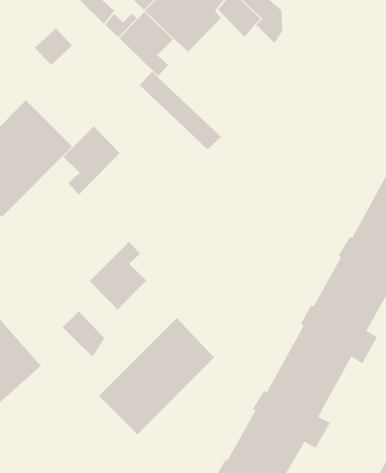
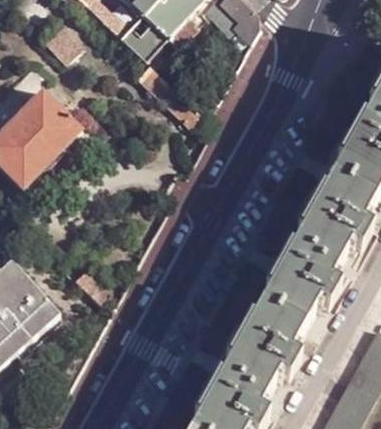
building: [62,125,121,195] -> none
building: [89,241,147,311] -> none
building: [98,317,215,435] -> none

